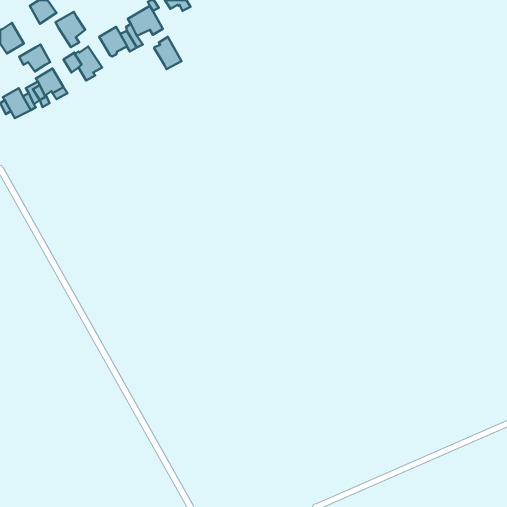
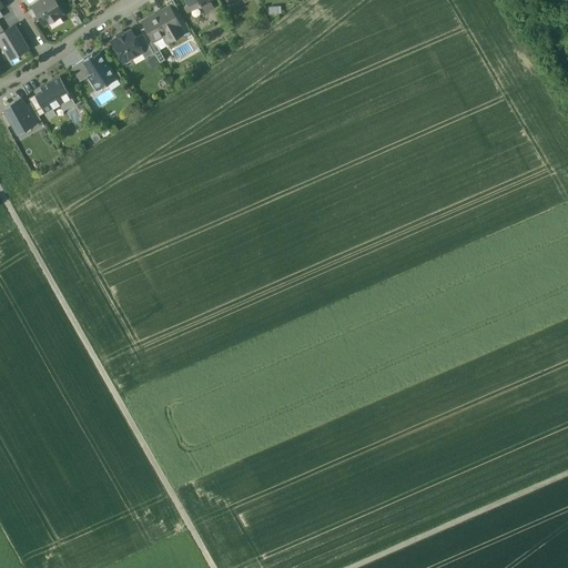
building: [55,12,85,47] -> none
building: [154,37,181,69] -> none
building: [19,44,50,71] -> none

